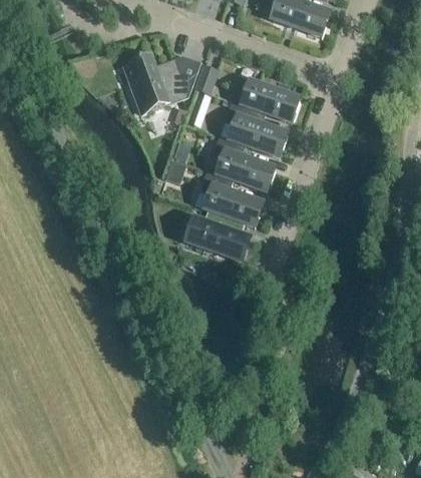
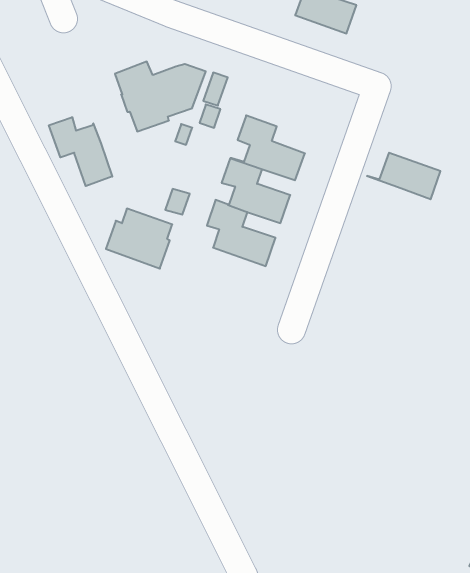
building: [235,82,295,120] -> [367,153,440,199]
building: none -> [49,117,112,186]
building: [193,210,248,260] -> [106,209,172,269]

